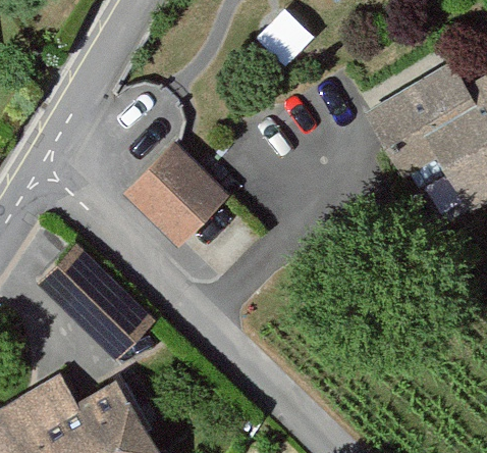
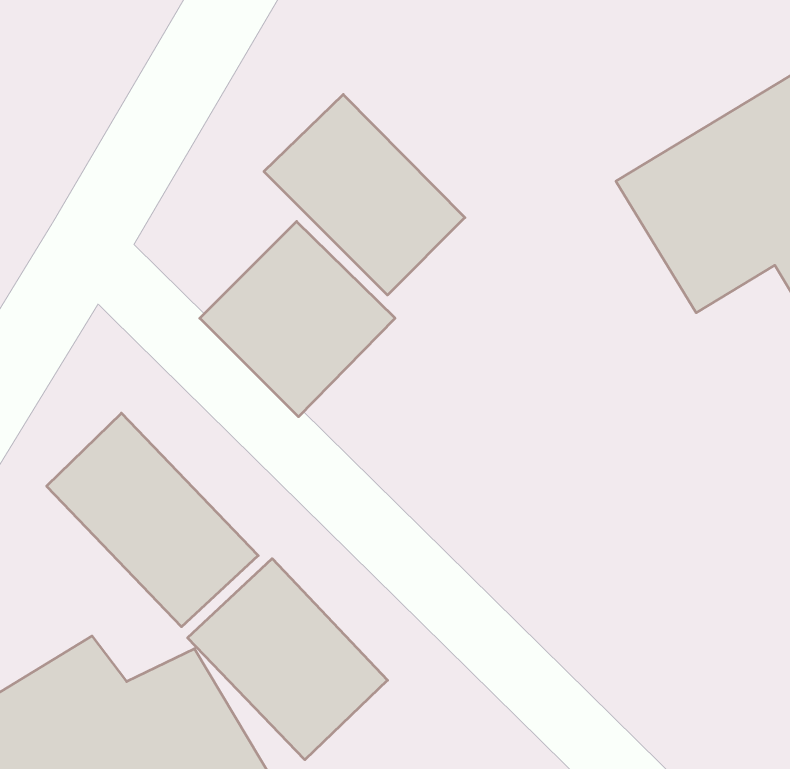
building: none -> [264,94,465,295]
building: none -> [188,559,388,760]

